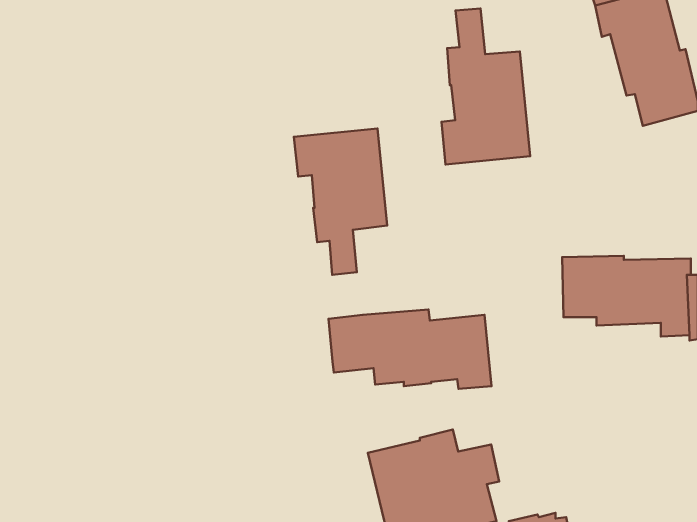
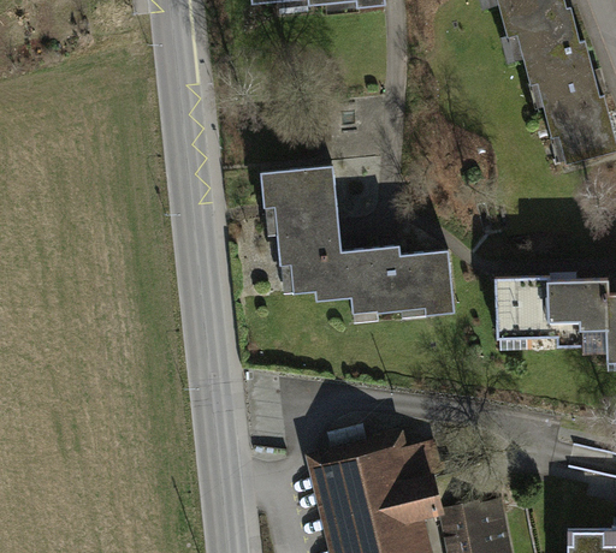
building: [441,8,530,164] -> none
building: [329,309,491,389] -> [312,245,455,315]

